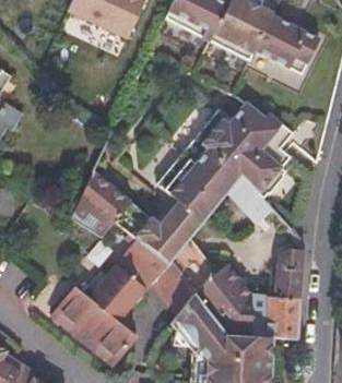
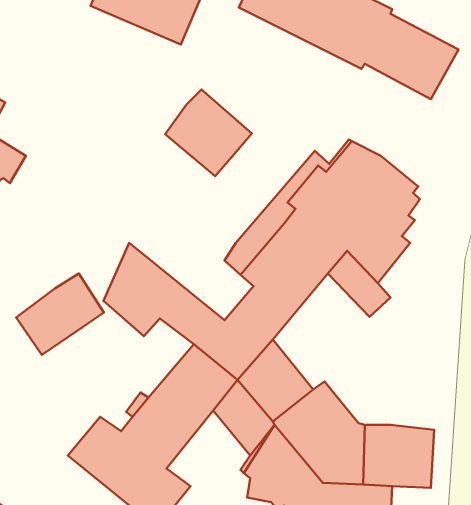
building: none -> [165,89,252,176]
building: none -> [16,273,104,355]
building: [270,251,304,298] -> none

